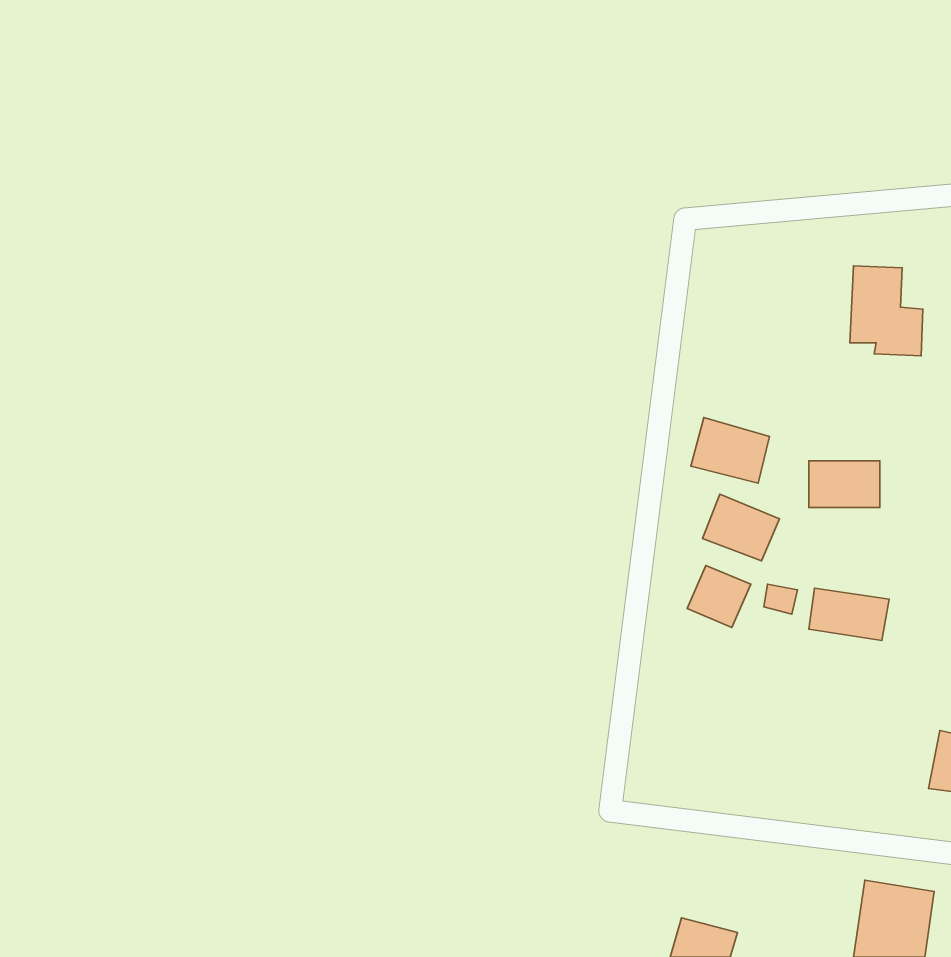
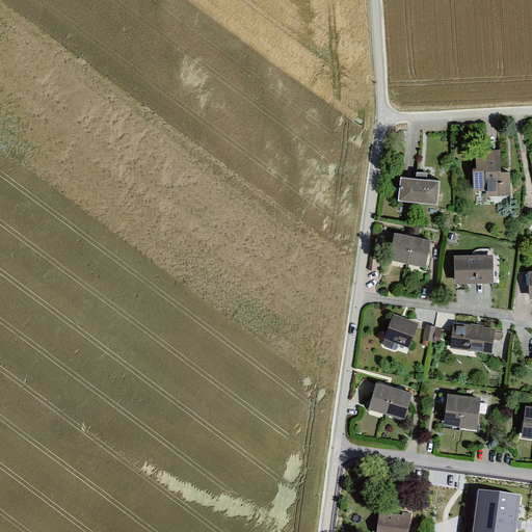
building: none -> [396,178,437,206]
building: [702,494,780,561] -> none
building: none -> [368,380,414,420]
building: none -> [441,393,482,430]

